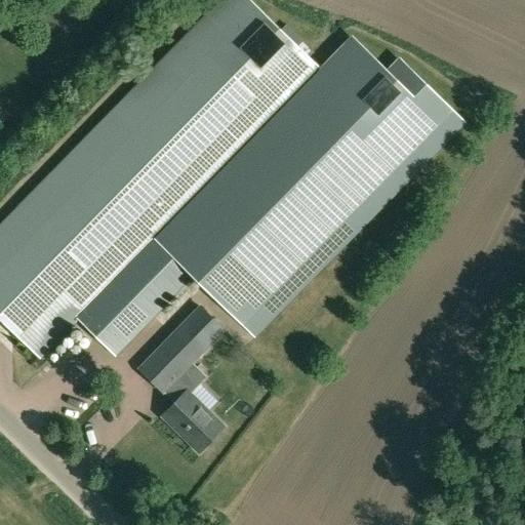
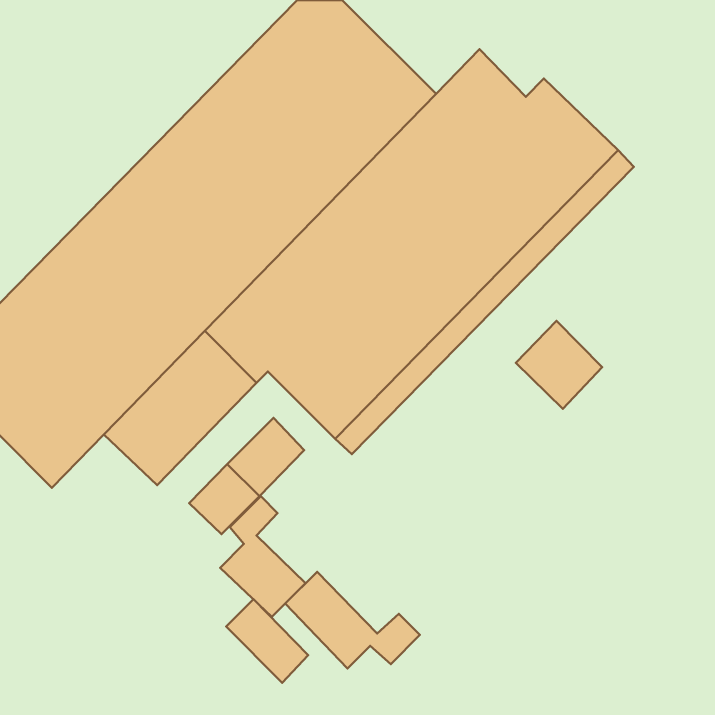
building: none -> [516,321,602,409]
building: none -> [285,572,420,669]
building: none -> [226,599,308,683]

